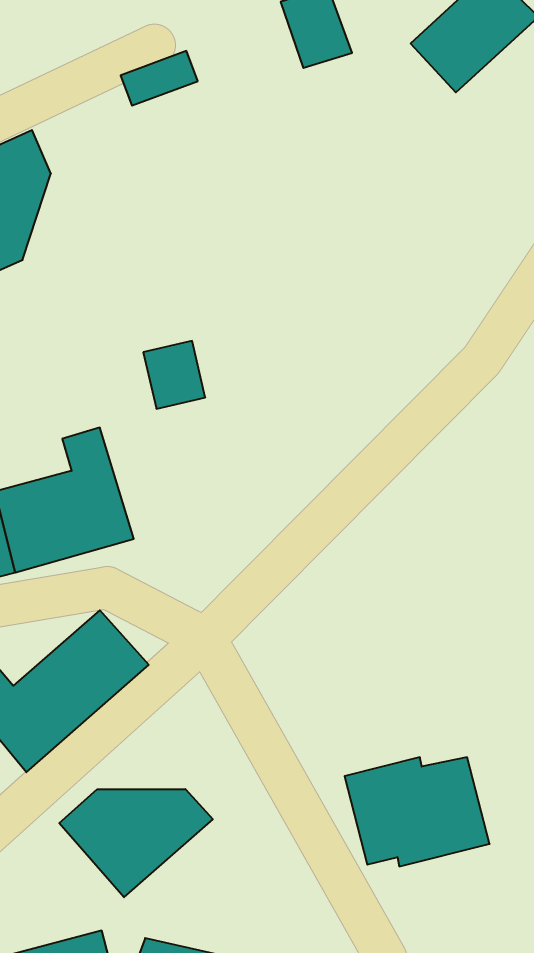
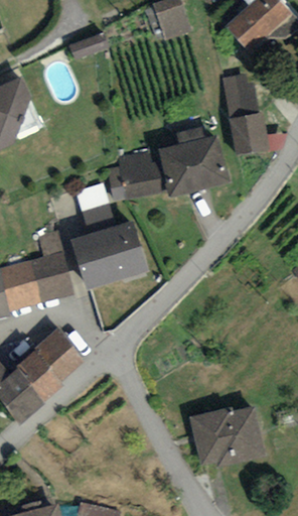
building: none -> [222,76,270,155]
building: none -> [119,127,228,200]
building: none -> [70,220,146,286]
building: [59,789,213,897] -> none

